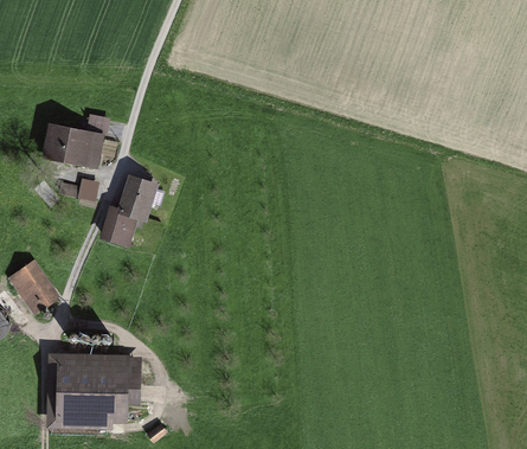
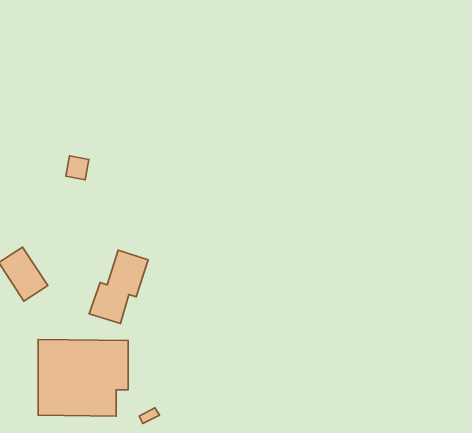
building: [41,113,107,168] -> none
building: [99,174,158,246] -> [89,250,148,323]

